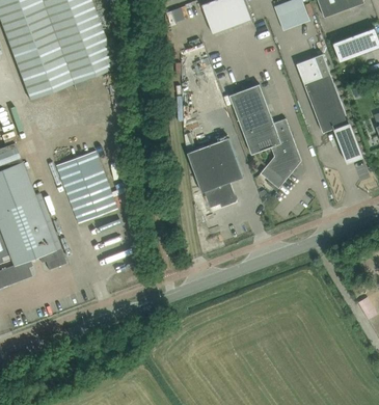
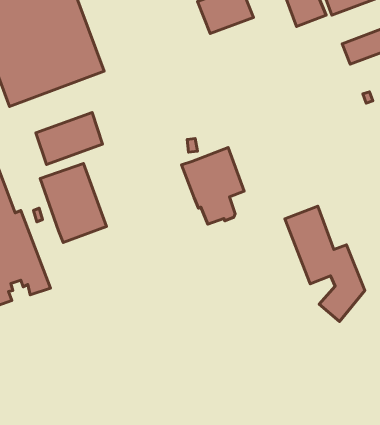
building: [296,54,360,156] -> none
building: [228,83,301,188] -> [285,206,365,321]
building: none -> [36,112,103,164]

